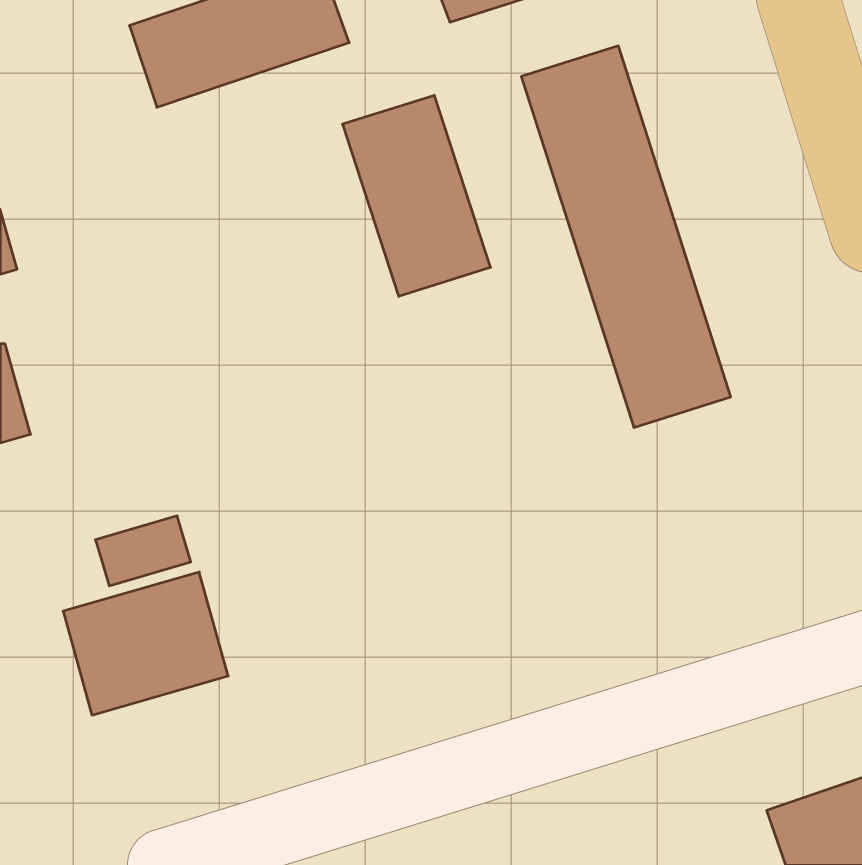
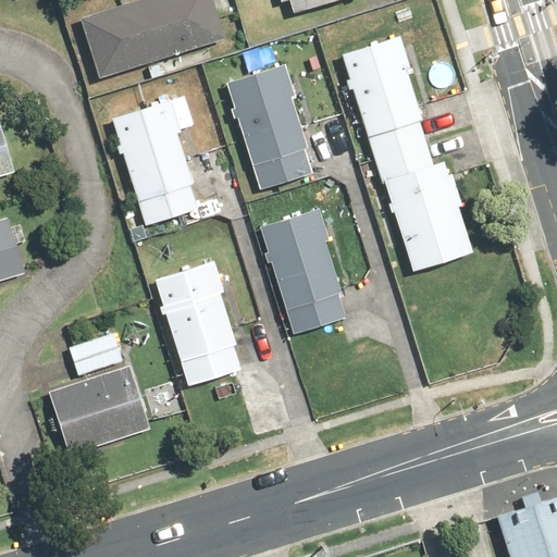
building: none -> [109,92,203,226]
building: none -> [256,207,355,337]
building: none -> [152,263,245,386]

